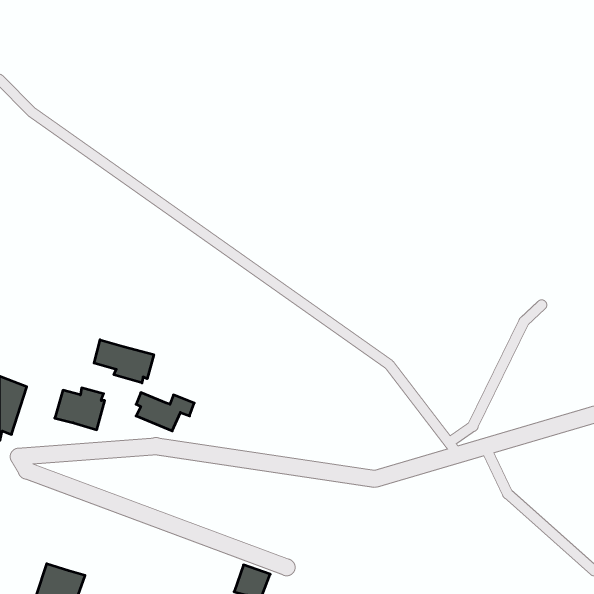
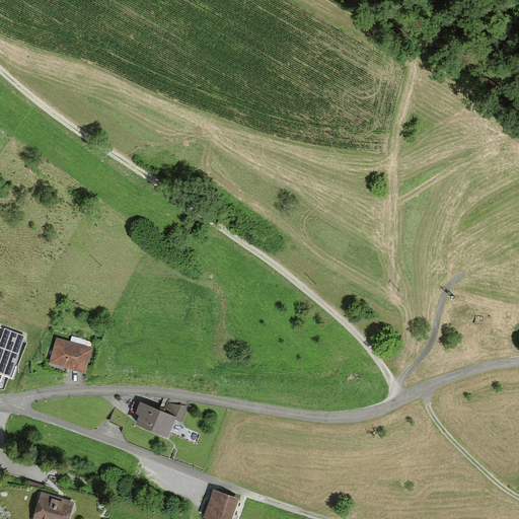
building: [94,340,154,383] -> none
building: [136,393,194,431] -> [135,402,186,436]

